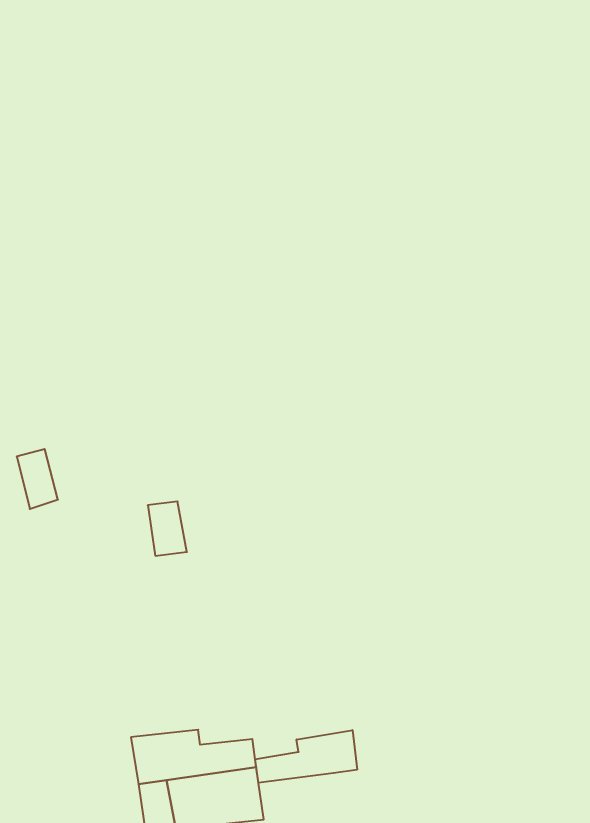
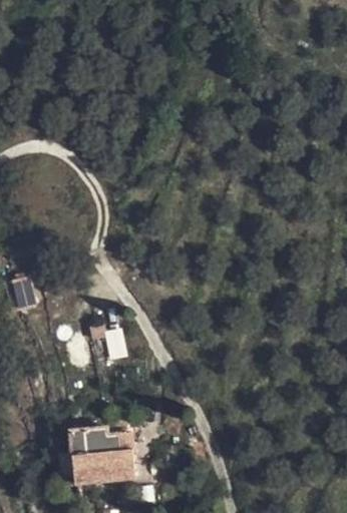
building: [255,730,357,783] -> none

